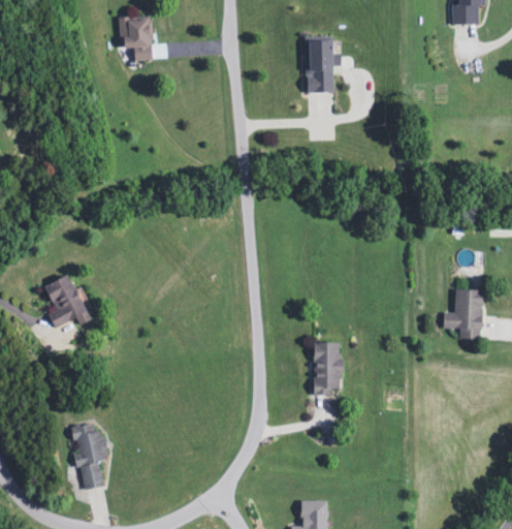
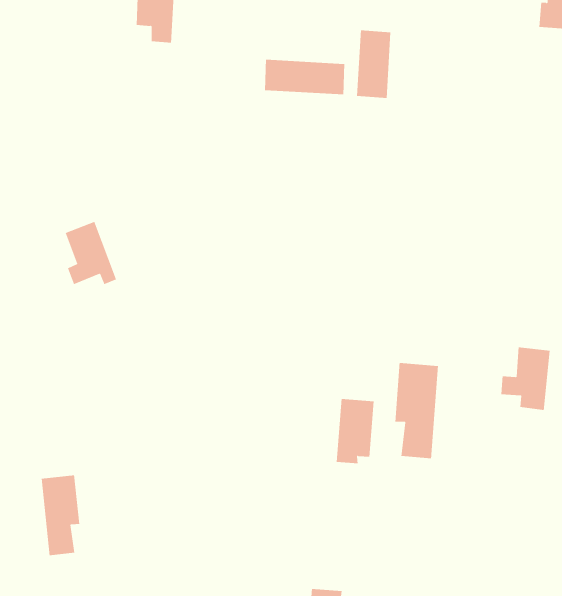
building: none -> [264,59,345,95]
building: [44,274,90,328] -> [65,221,117,285]
building: none -> [395,362,438,459]

